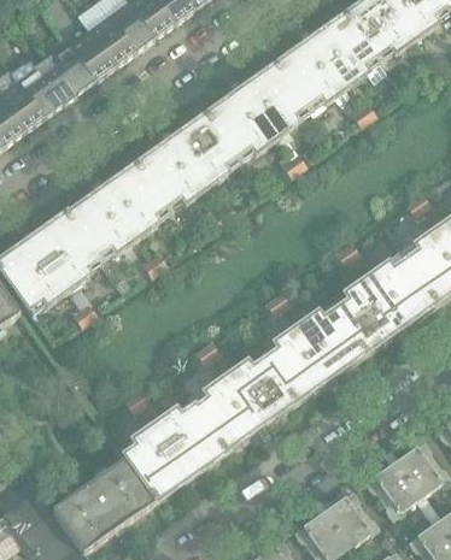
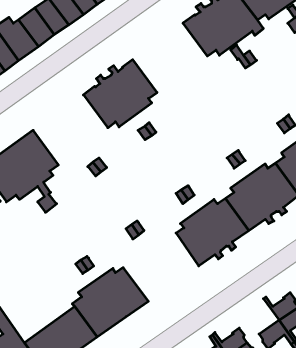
building: [204,63,308,176] -> none
building: [65,163,169,260] -> none
building: [191,355,295,450] -> none
building: [365,447,408,496] -> none

